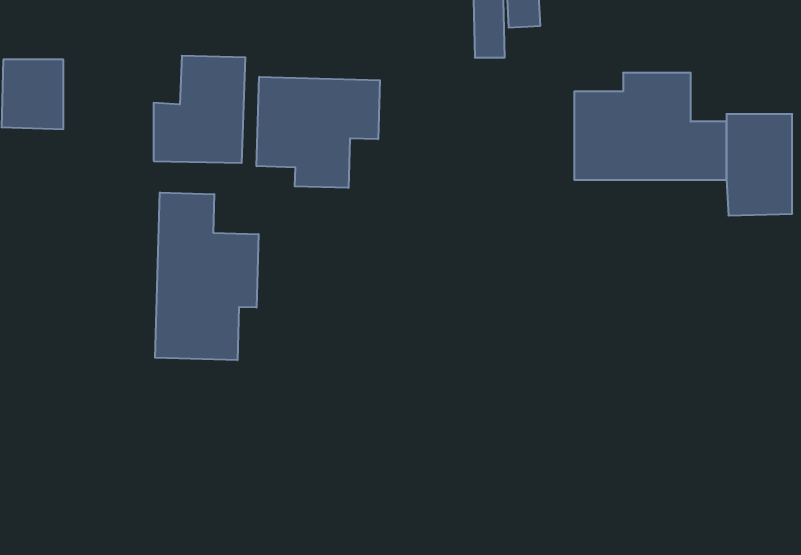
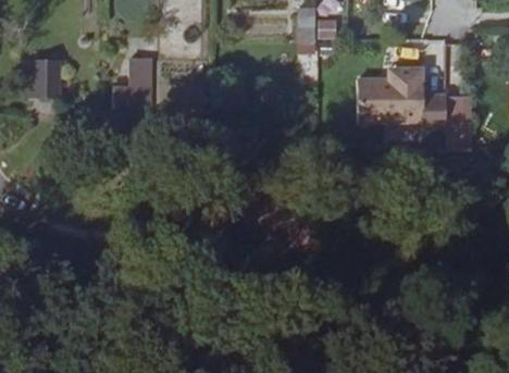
building: [257,77,380,188] -> none
building: [155,192,259,360] -> none

